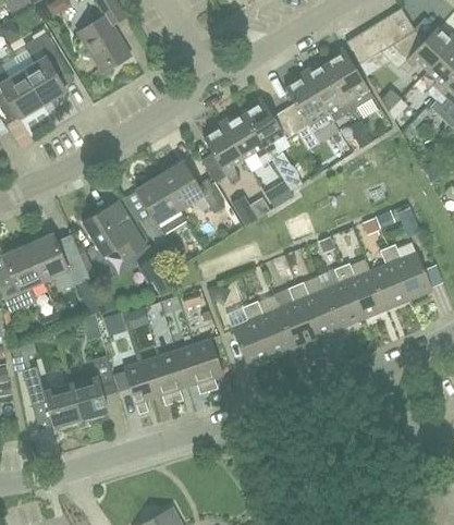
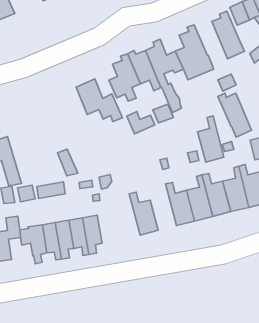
building: [302,63,352,121] -> [218,93,251,137]
building: [135,174,186,247] -> none
building: [82,207,146,259] -> none
building: [277,284,316,346] -> [197,116,224,162]
building: [231,304,270,366] -> none

